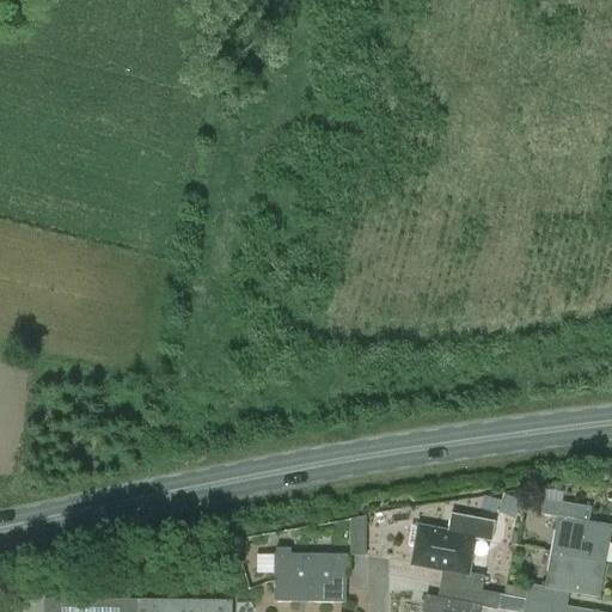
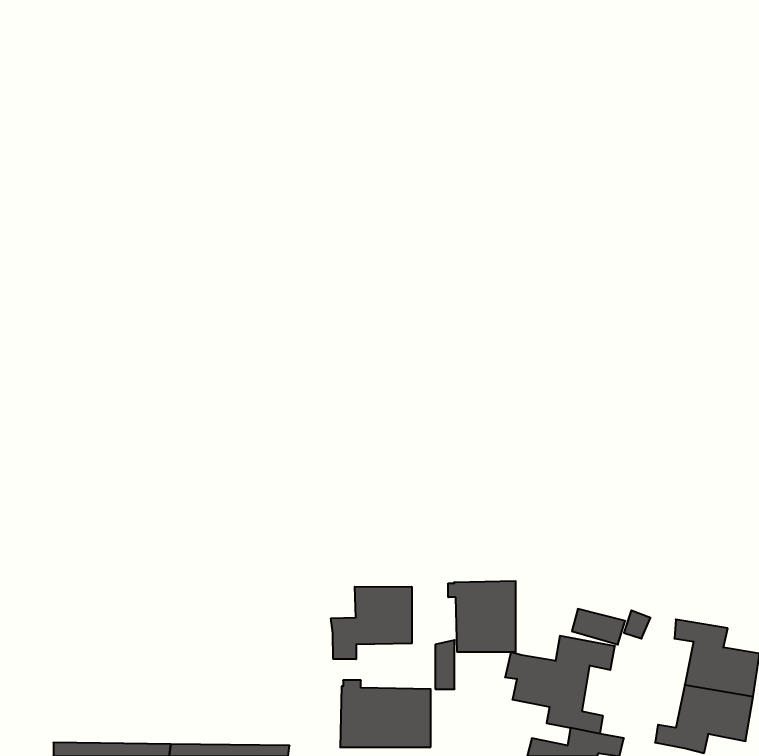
building: none -> [448,581,516,652]
building: none -> [331,587,412,659]

